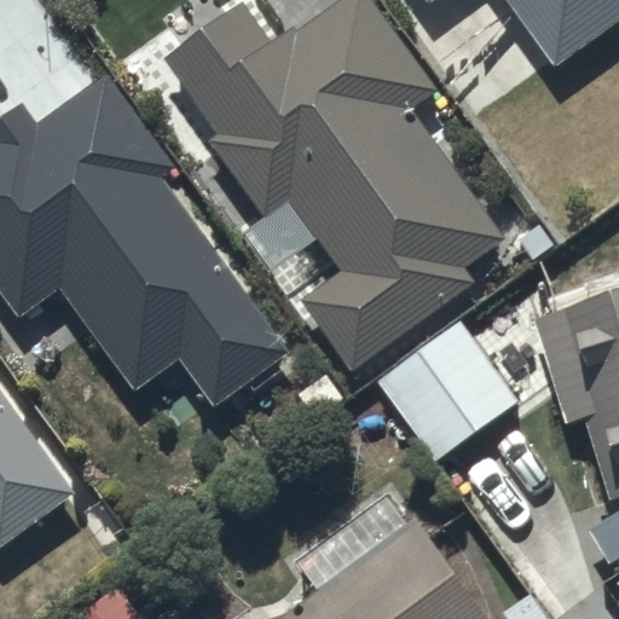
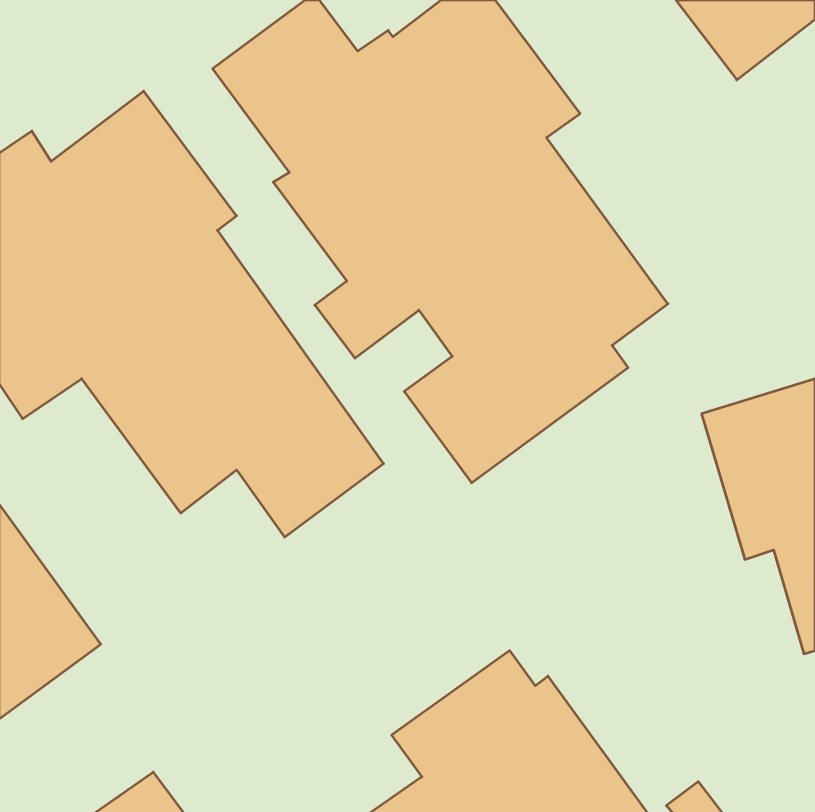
building: [375,320,519,461] -> none

